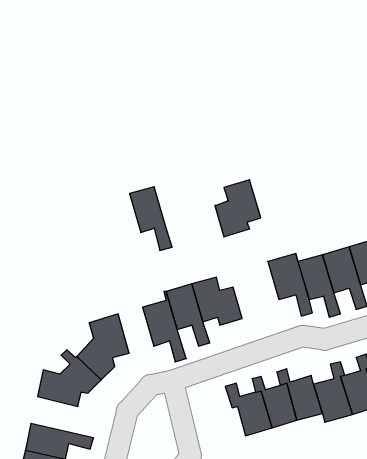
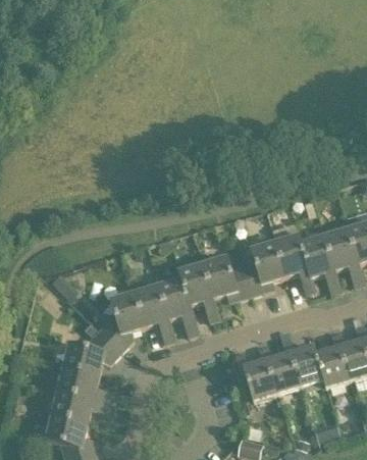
building: [215,180,261,237] -> [242,242,283,294]
building: [130,187,172,250] -> [137,284,175,342]
building: none -> [57,365,116,403]

